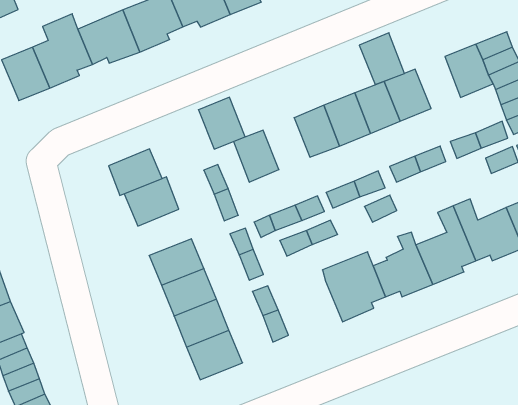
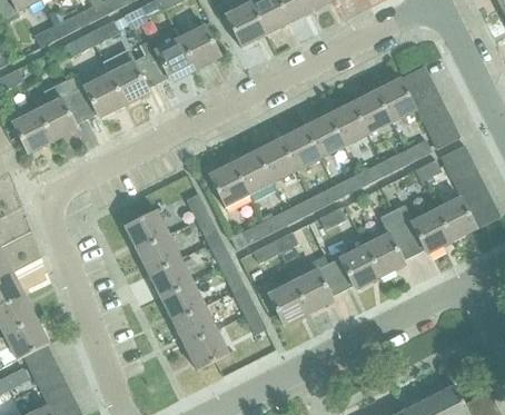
building: [359,33,405,85] -> [351,89,390,132]
building: [198,97,245,149] -> [231,149,271,192]
building: [109,149,162,195] -> [136,231,180,271]
building: none -> [268,280,309,325]

